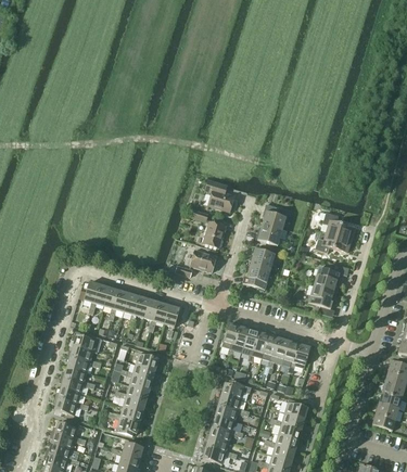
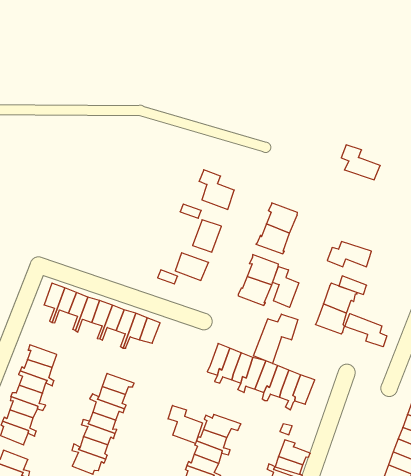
building: [323,212,356,239] -> [341,145,380,180]
building: none -> [273,266,299,307]
building: none -> [345,314,387,347]
building: none -> [254,314,298,364]
building: none -> [168,405,202,444]

